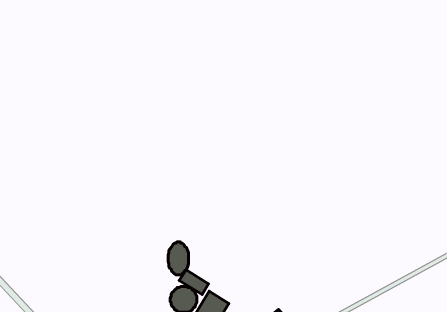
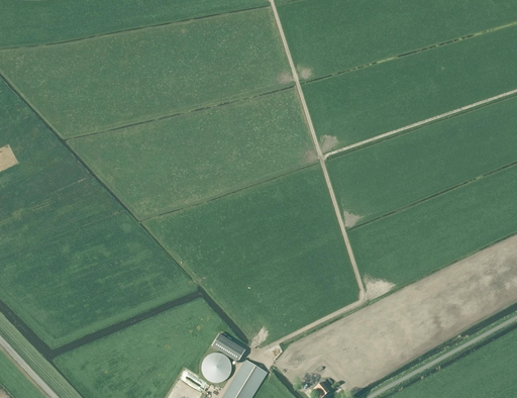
building: [168,242,188,275] -> none

